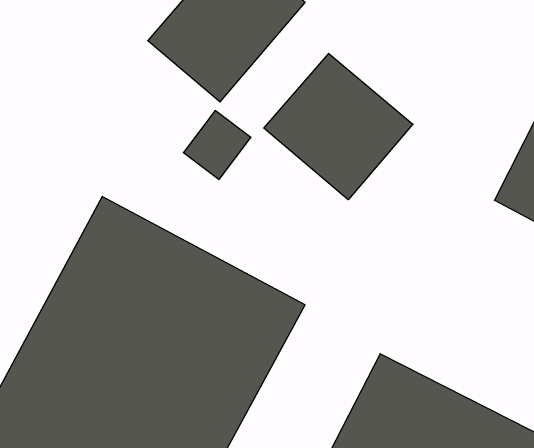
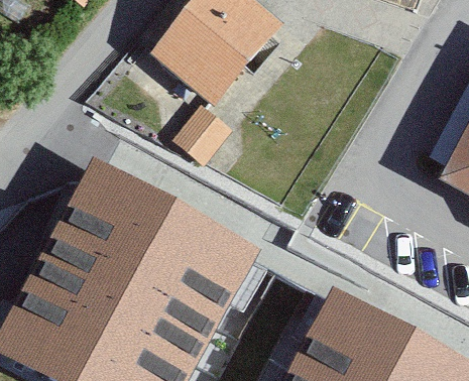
building: [264,53,413,200] -> none

